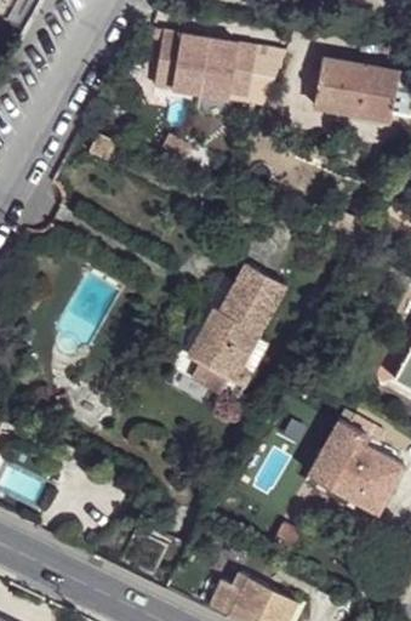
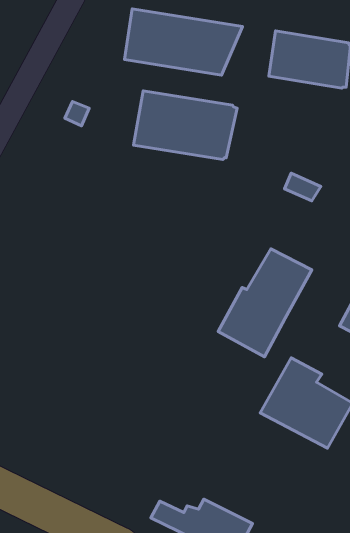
building: none -> [133,91,237,159]
building: [184,263,287,382] -> [218,249,312,357]

